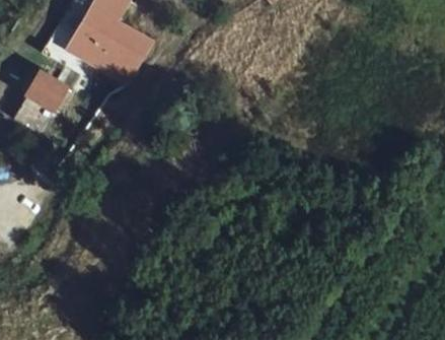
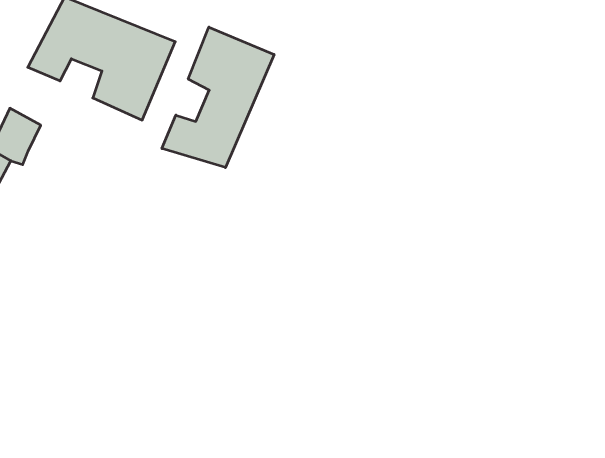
building: none -> [162,27,274,168]

